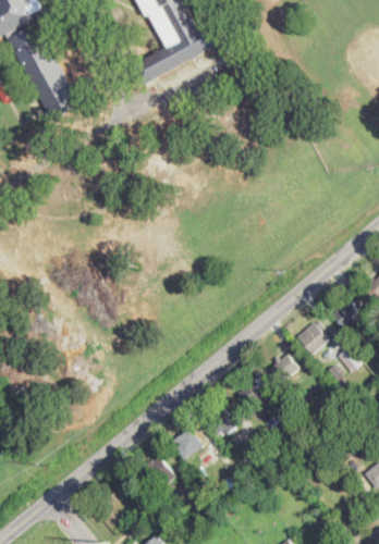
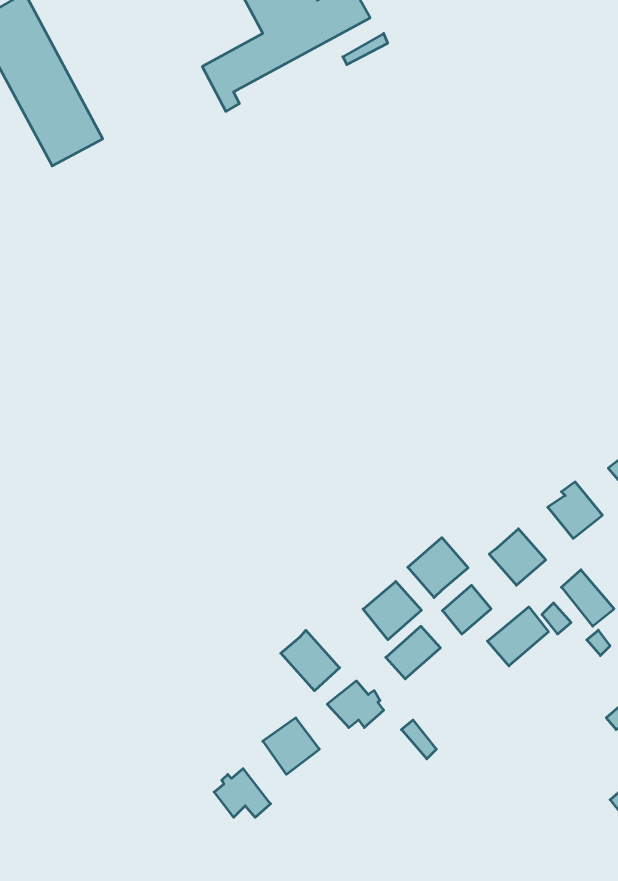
building: none -> [408,538,468,598]
building: none -> [363,581,421,640]
building: none -> [487,607,548,666]
building: none -> [281,630,340,691]

